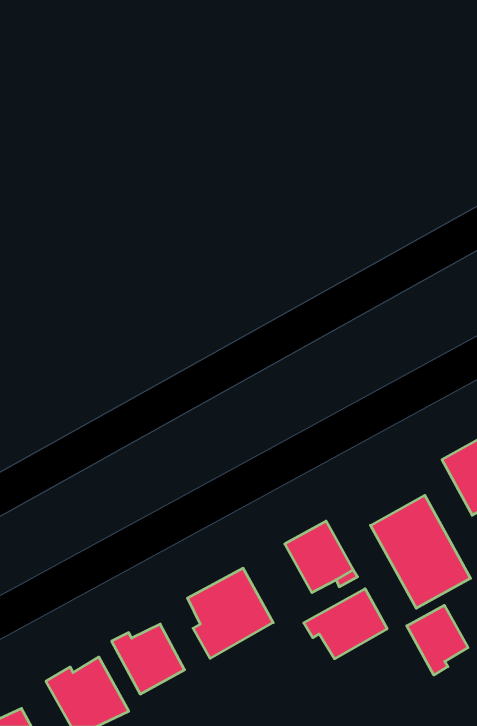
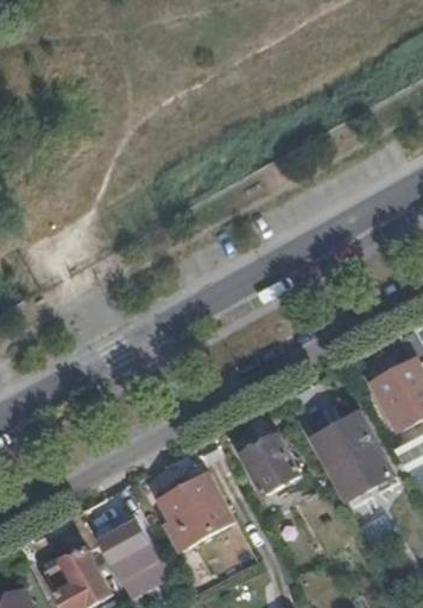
building: [304,589,387,659] -> none
building: [407,605,468,675] -> none

